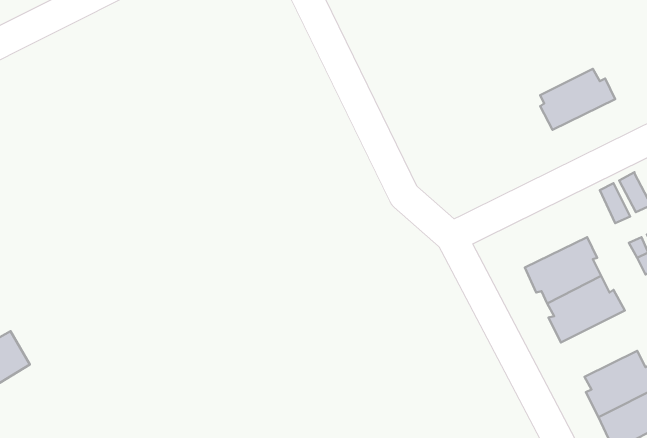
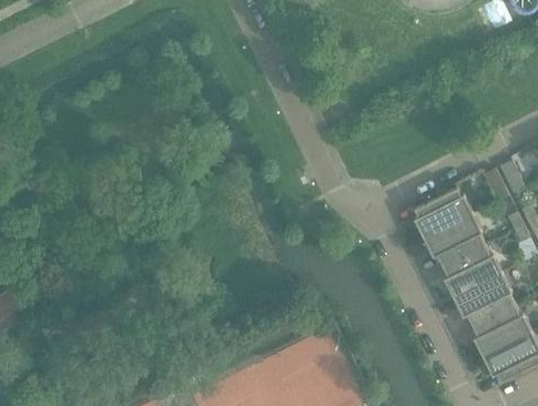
building: [540,69,615,130] -> [412,187,471,236]
building: none -> [450,271,511,324]

